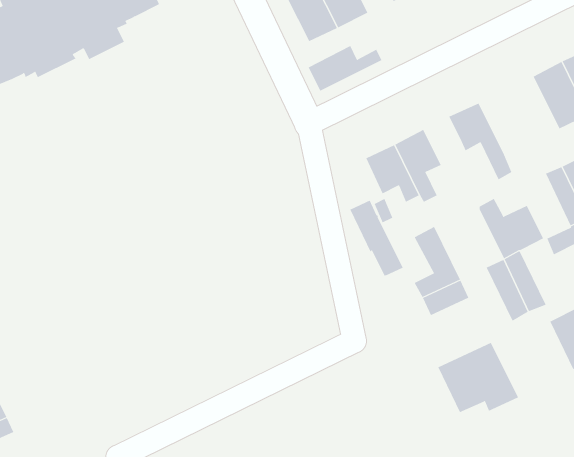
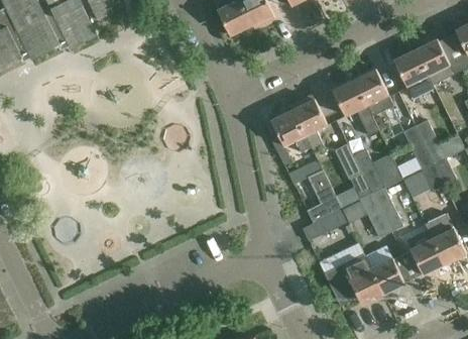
building: [308,45,382,91] -> none
building: none -> [354,68,393,115]
building: [350,200,403,276] -> [333,143,372,199]
building: none -> [370,256,404,294]

